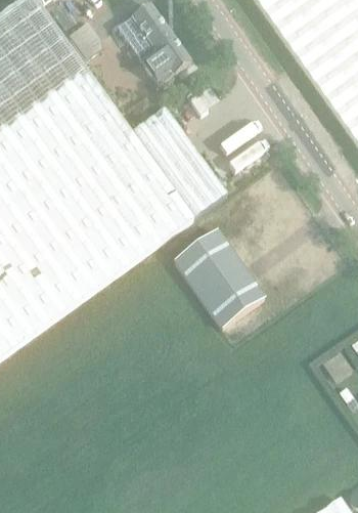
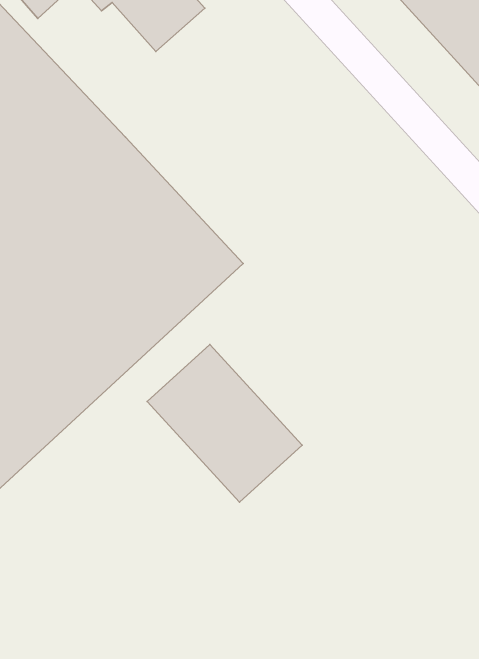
building: [133,110,228,218] -> none
building: [175,230,265,328] -> [147,344,302,502]

